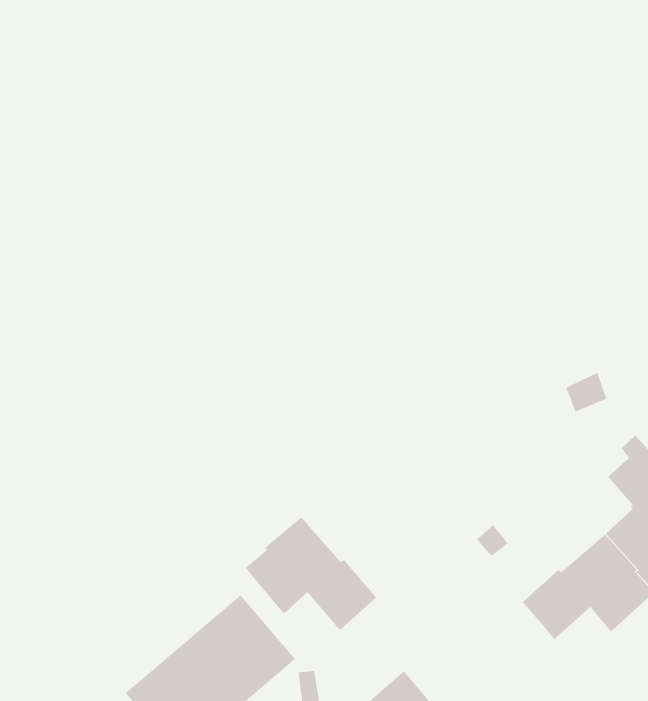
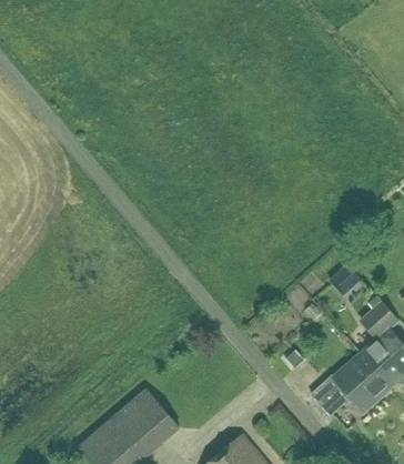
building: [245,516,377,631] -> none

